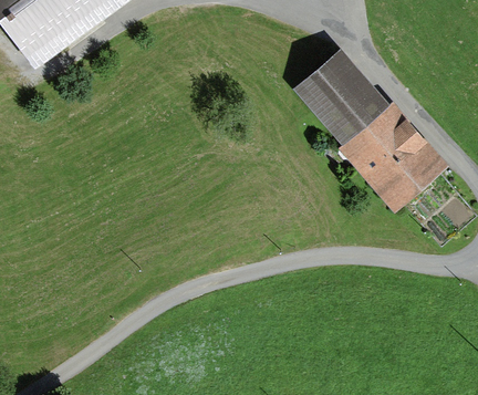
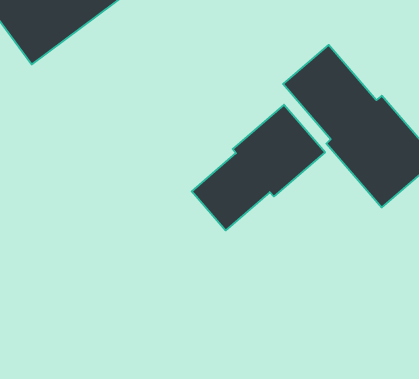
building: none -> [192,105,325,230]

